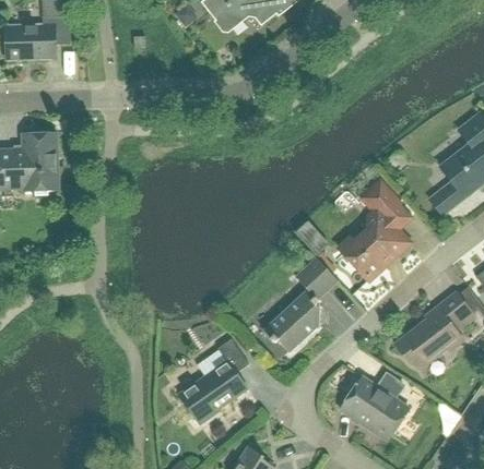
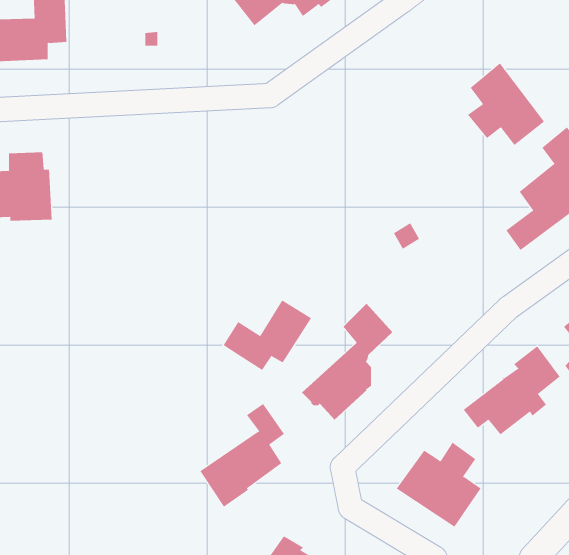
building: none -> [467,62,545,146]
building: [339,181,410,280] -> none
building: none -> [223,300,312,371]

